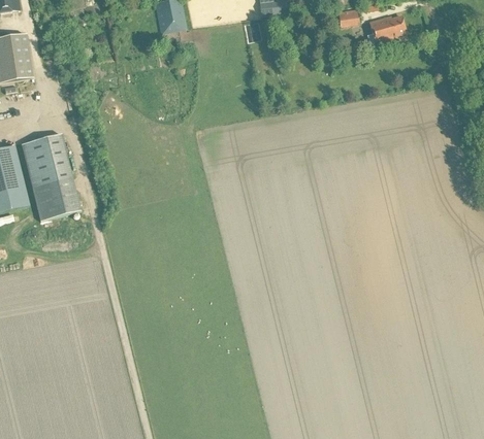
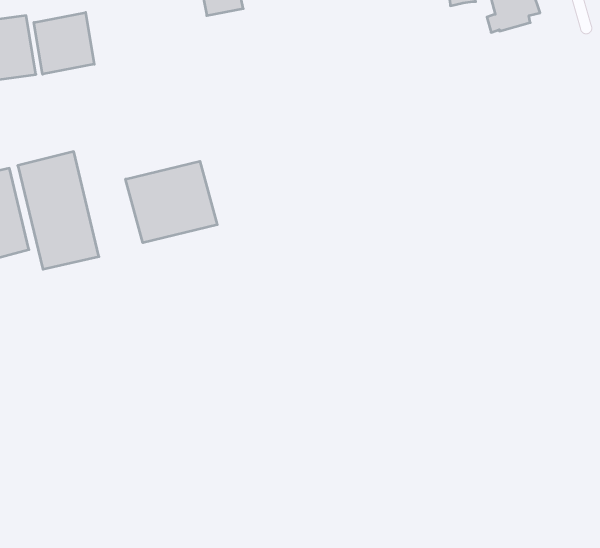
building: none -> [34,12,94,74]
building: none -> [126,161,217,243]

